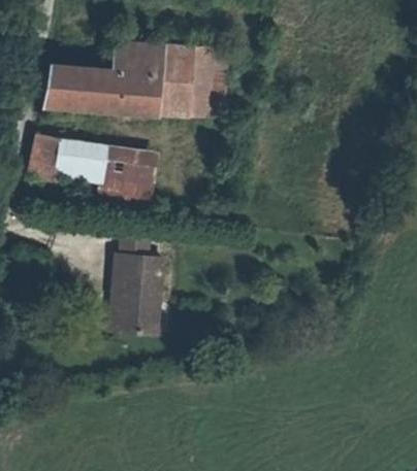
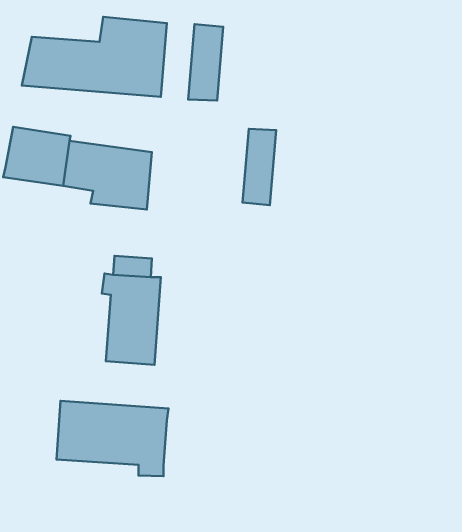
building: [161,49,189,112] -> [242,129,276,205]
building: none -> [57,401,169,476]

